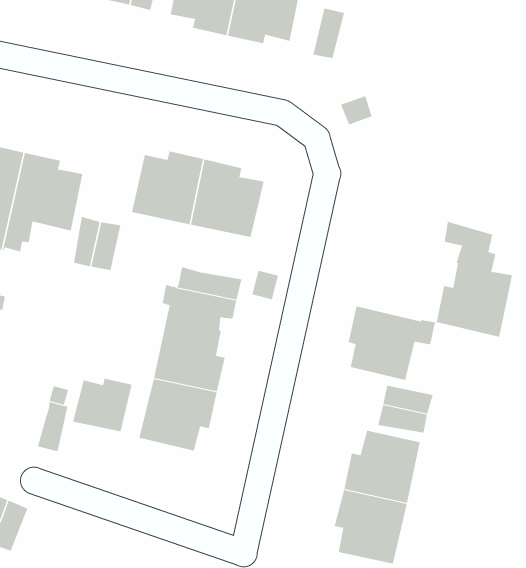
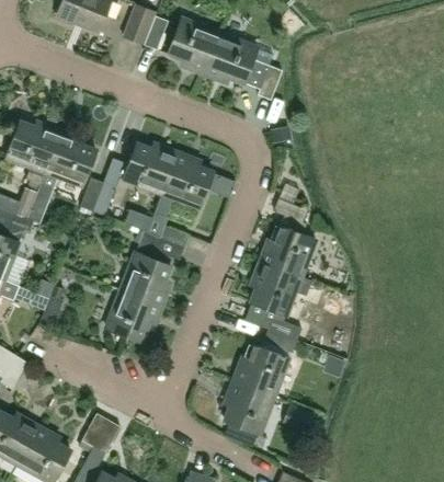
building: [436,221,513,338] -> [260,197,315,278]
building: [73,378,132,432] -> none

